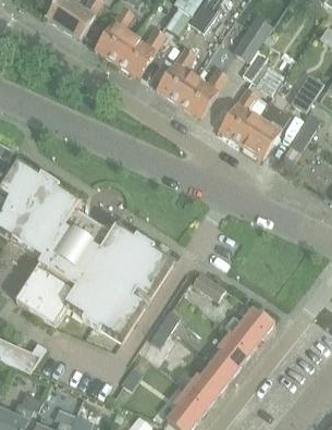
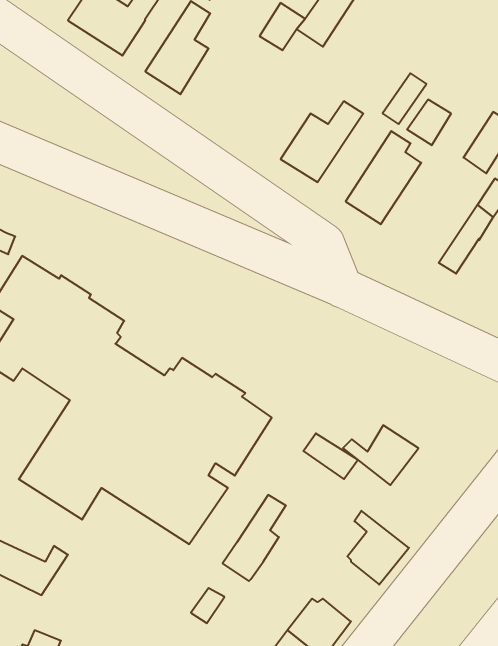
building: [233,10,274,61] -> none
building: [115,26,167,76] -> none
building: [156,45,196,102] -> none
building: [239,100,290,158] -> none
building: [228,306,274,343] -> [343,425,418,485]
building: [204,352,238,389] -> none

